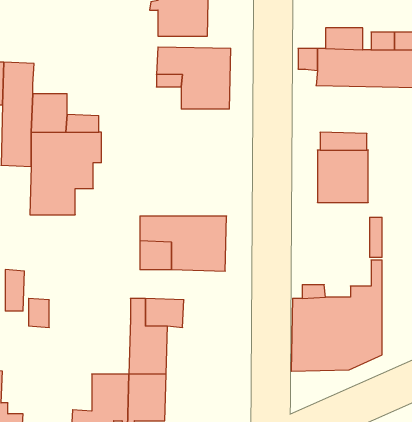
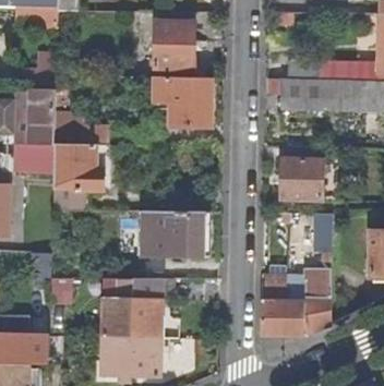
building: none -> [101,293,132,337]

